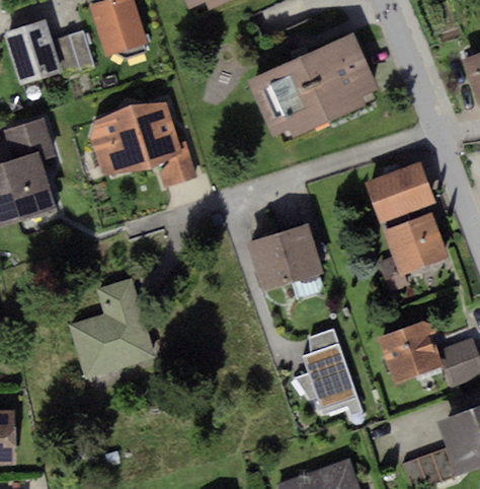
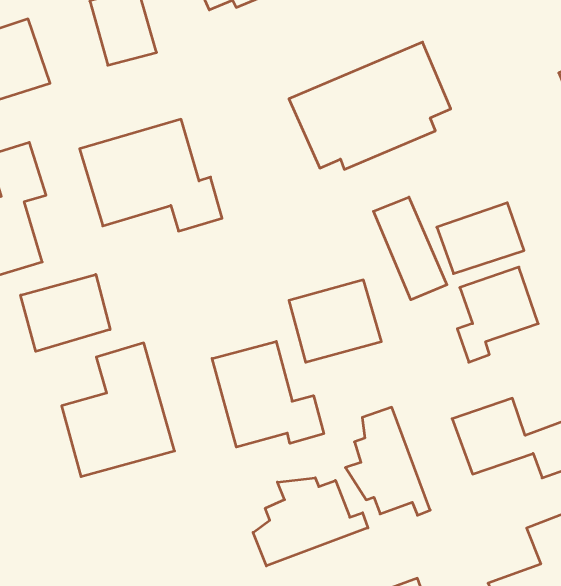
building: [57,30,95,74] -> none
building: none -> [373,197,447,300]
building: none -> [21,274,110,351]
building: none -> [212,341,324,447]
building: none -> [253,478,368,566]

